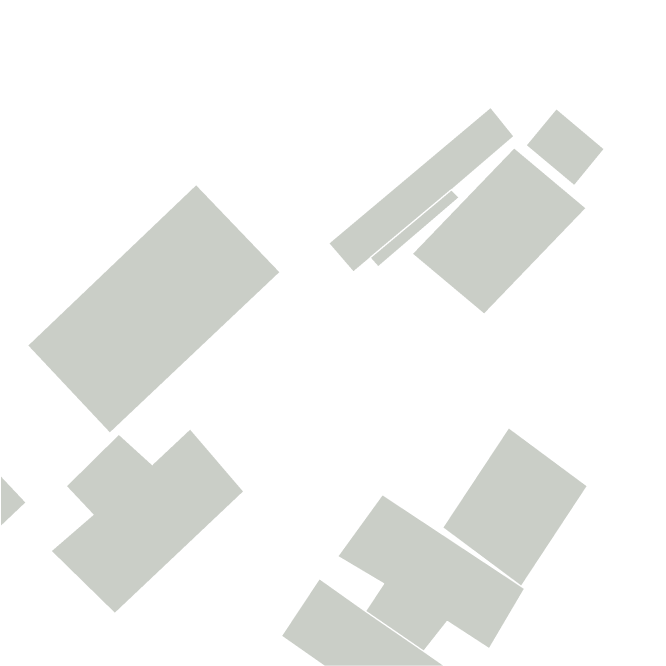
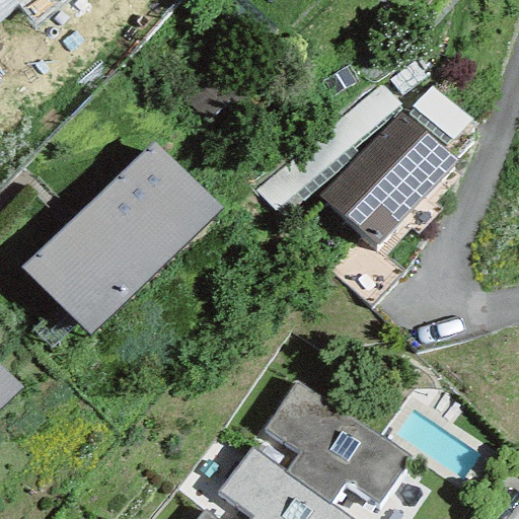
building: [442,427,588,586] -> none
building: [51,429,244,613] -> none

